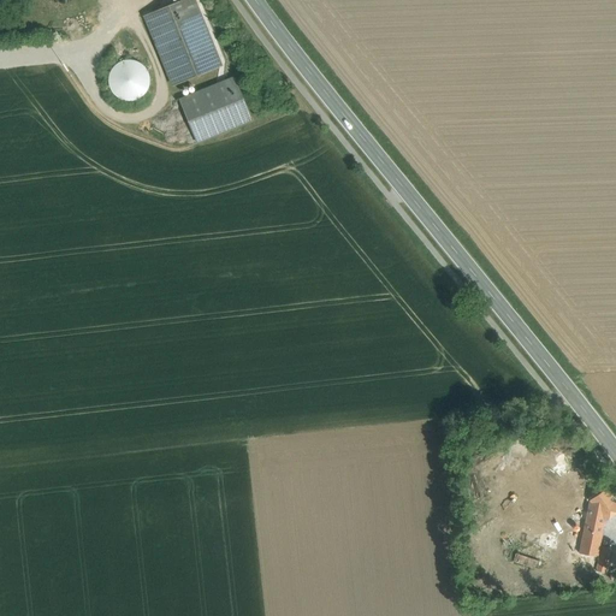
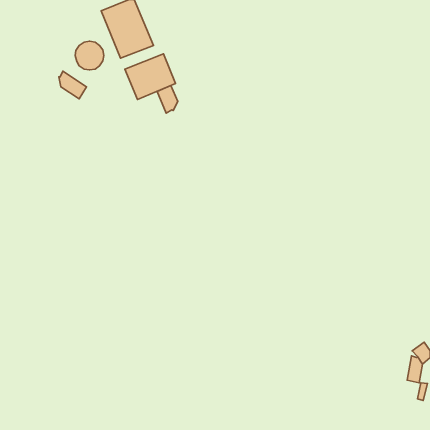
building: none -> [59,71,86,99]
building: none -> [157,85,178,113]

